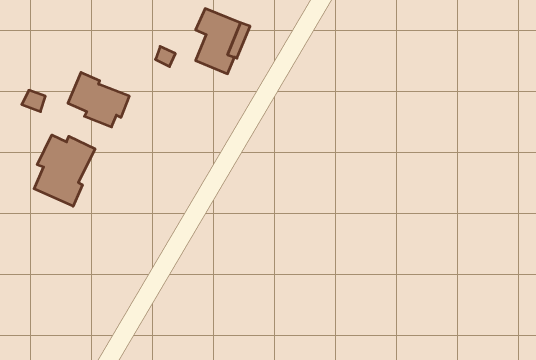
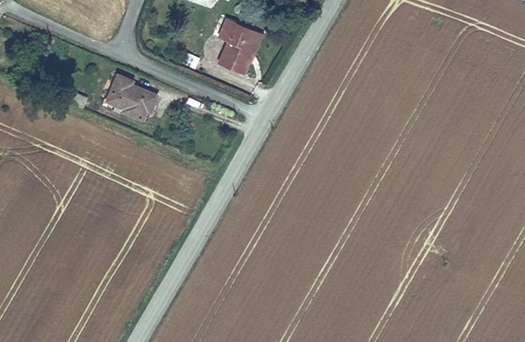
building: [34,135,95,206] -> none

